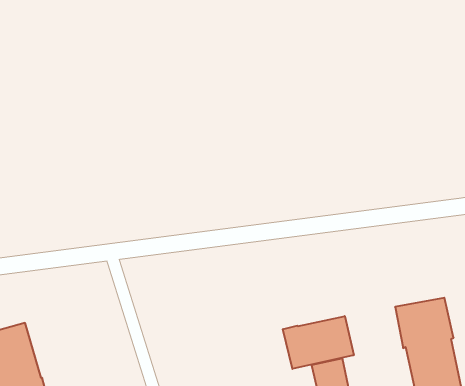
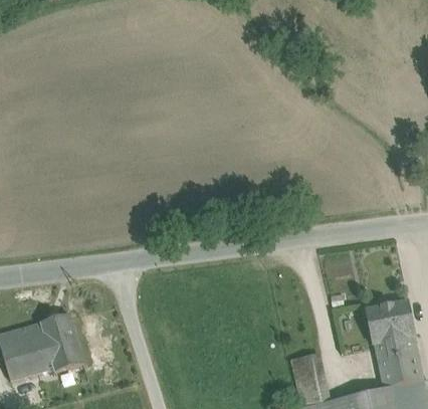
building: none -> [40,314,83,370]
building: [283,316,354,369] -> none

